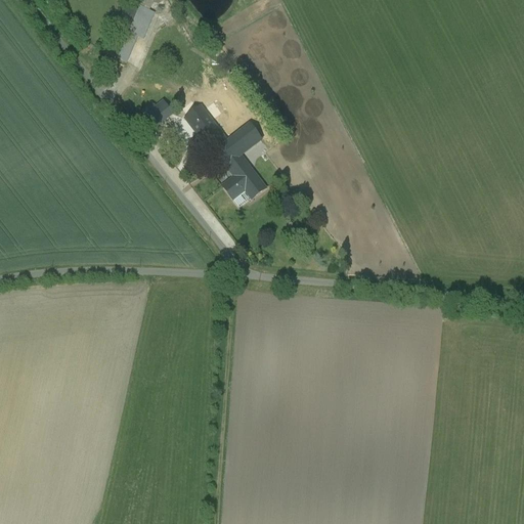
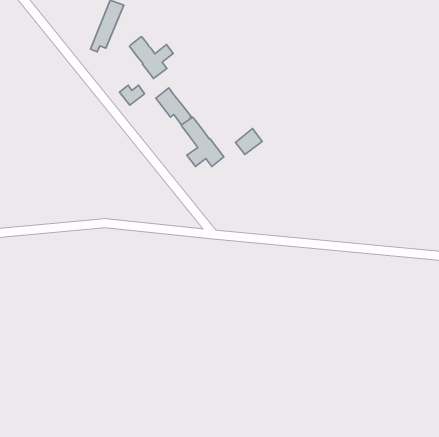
building: none -> [129,37,173,78]
building: [230,123,262,154] -> [235,129,262,154]

